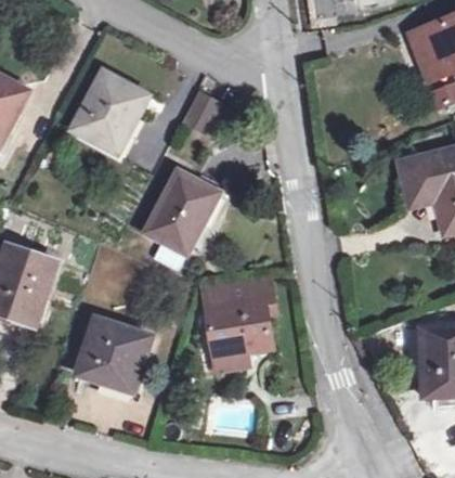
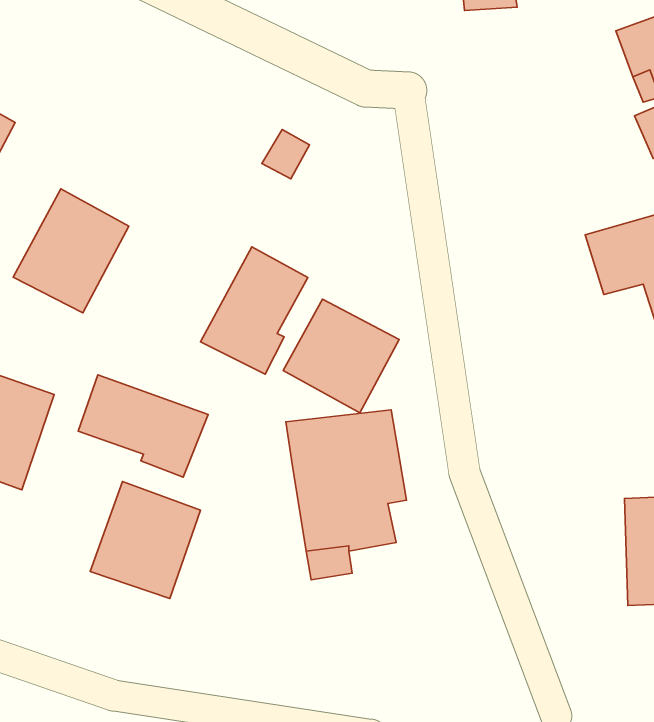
building: [76,70,150,150] -> [13,189,129,313]
building: none -> [283,299,399,413]
building: none -> [78,375,208,477]

